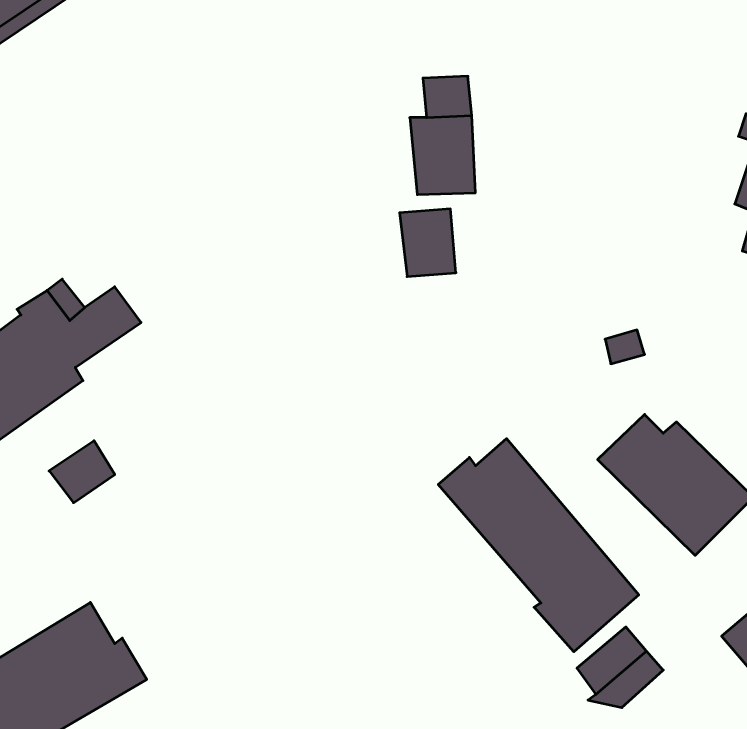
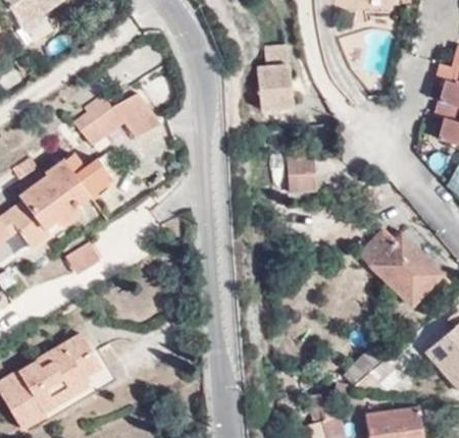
building: none -> [75,92,160,145]
building: [400,209,456,277] -> [287,156,317,193]
building: [438,439,639,652] -> none

